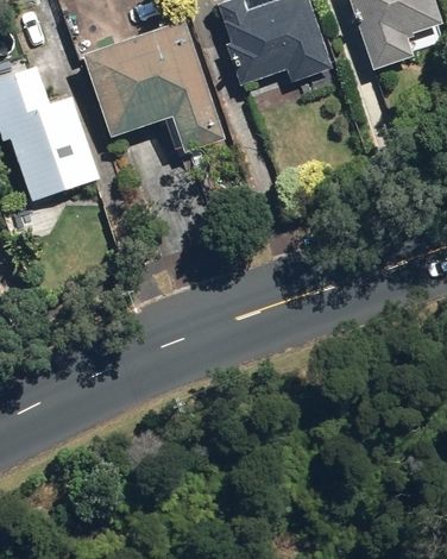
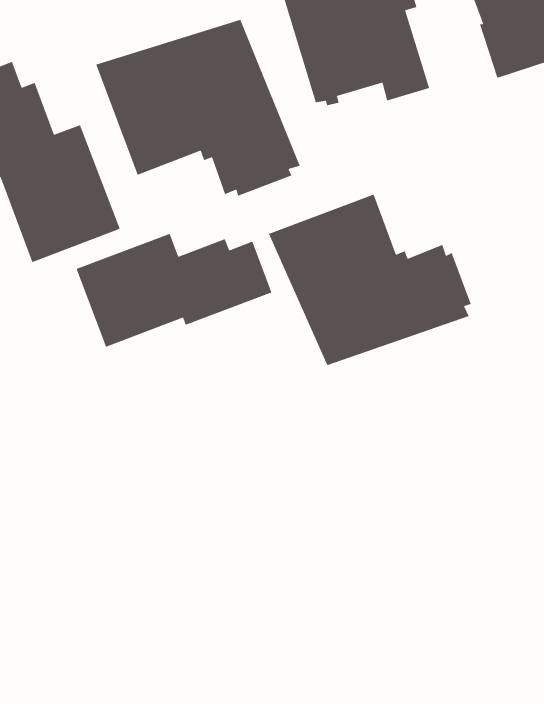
building: none -> [268,193,472,366]
building: none -> [75,233,272,348]

